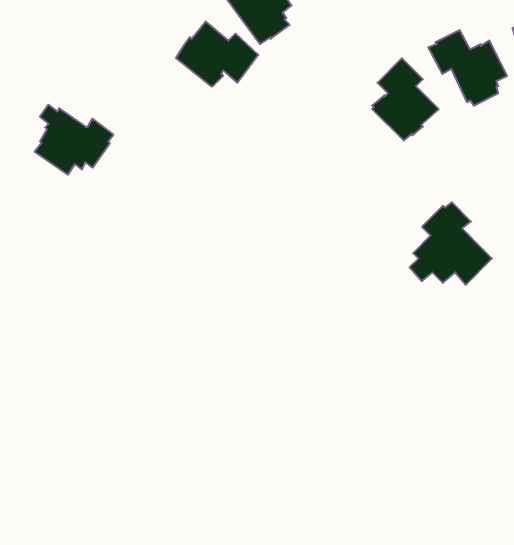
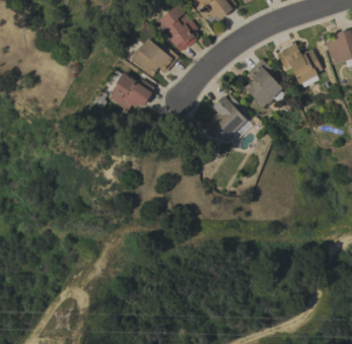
building: [35,105,113,175] -> [109,70,154,111]
building: [410,202,492,285] -> [205,92,253,140]

